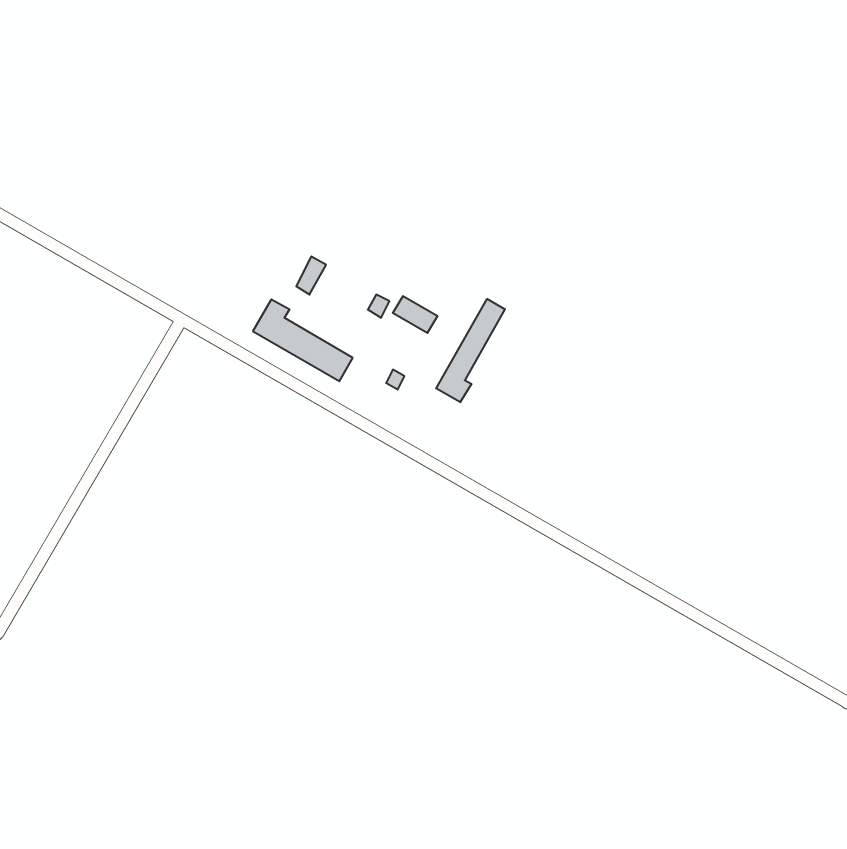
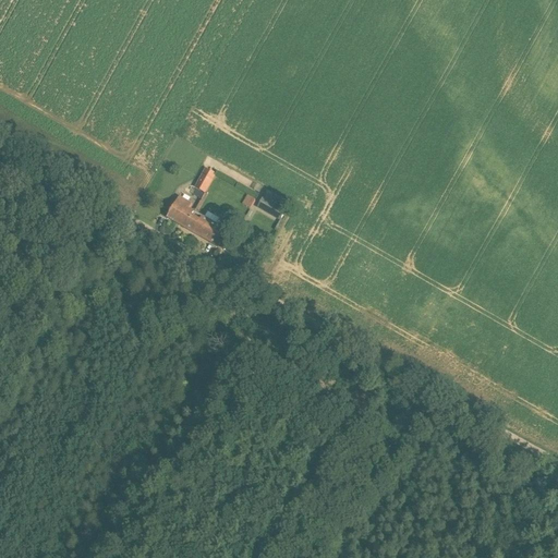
building: [436,299,505,402] -> none

